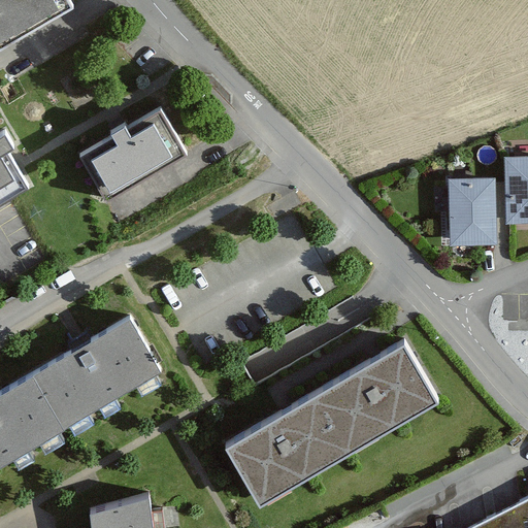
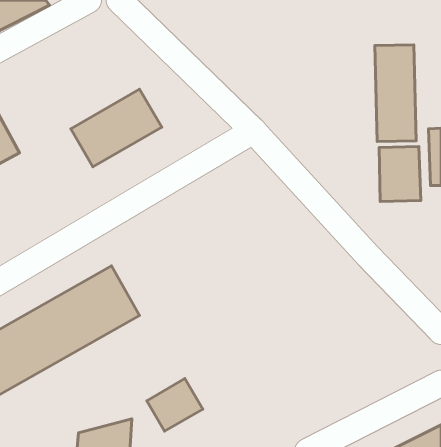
building: none -> [375,45,416,141]
building: [231,339,444,502] -> none
building: none -> [147,378,203,431]

